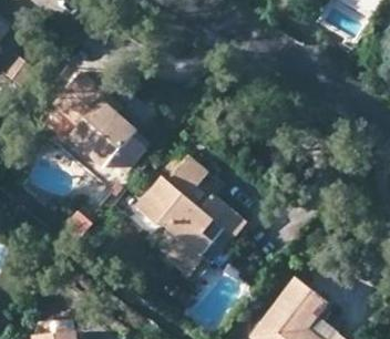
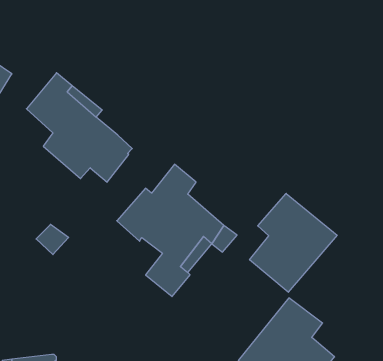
building: none -> [250,193,337,292]

